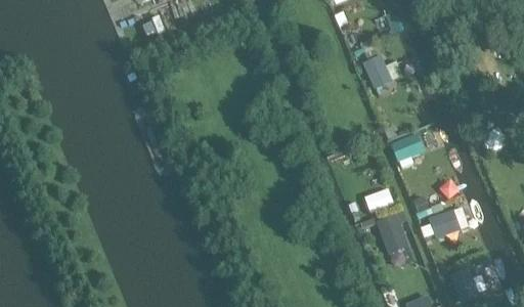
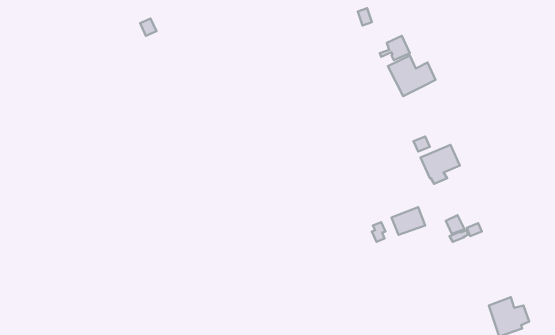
building: [421,207,469,238] -> none
building: [376,213,410,255] -> none

